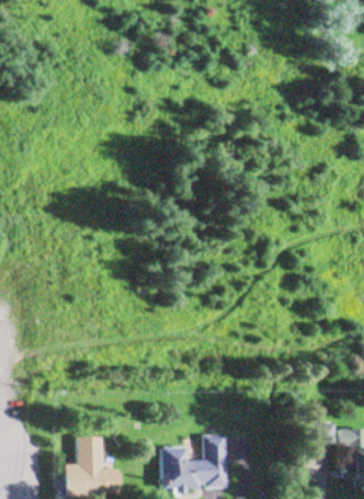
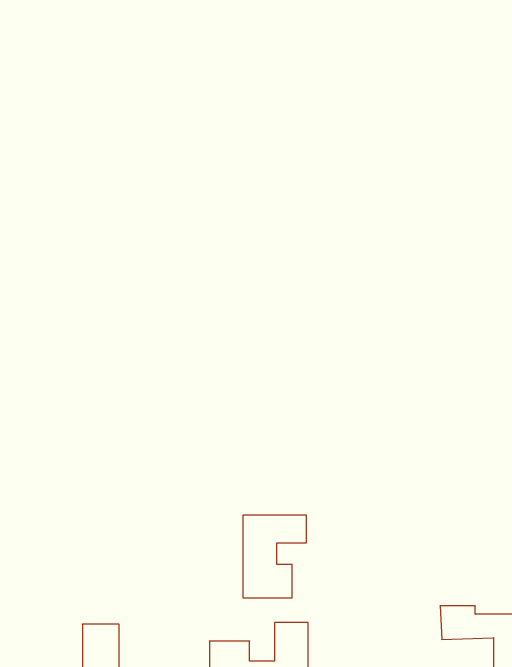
building: none -> [243,515,306,598]

